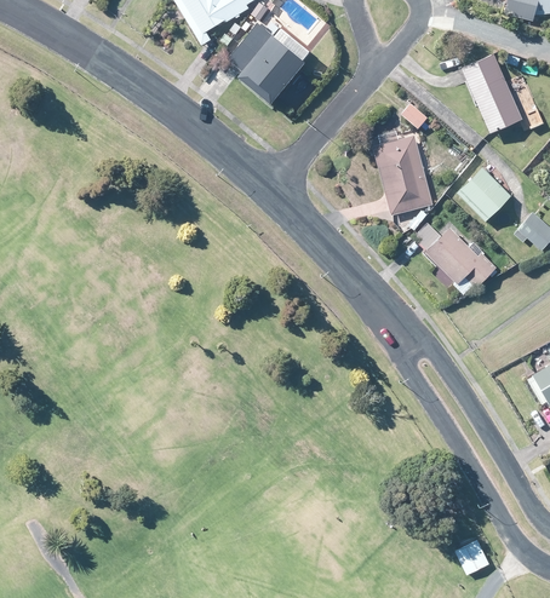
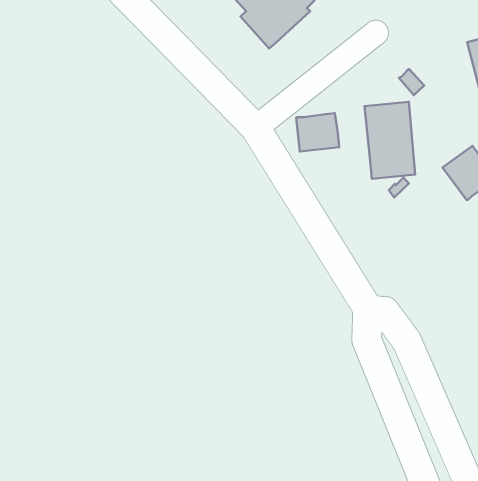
building: none -> [296,113,339,151]
building: [413,222,495,293] -> none

